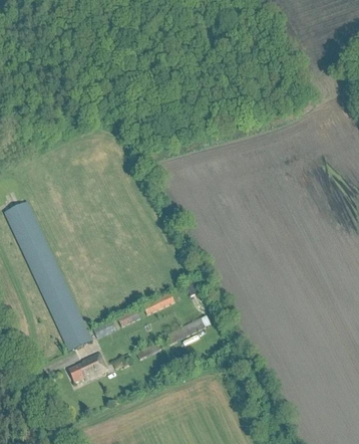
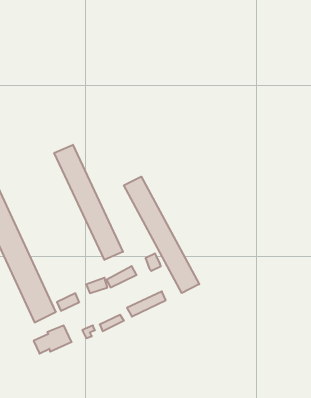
building: none -> [54,145,123,260]
building: none -> [124,177,199,293]

